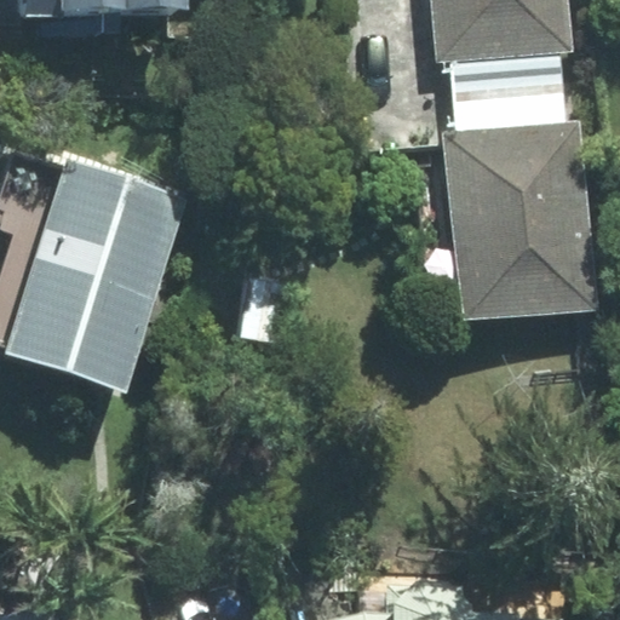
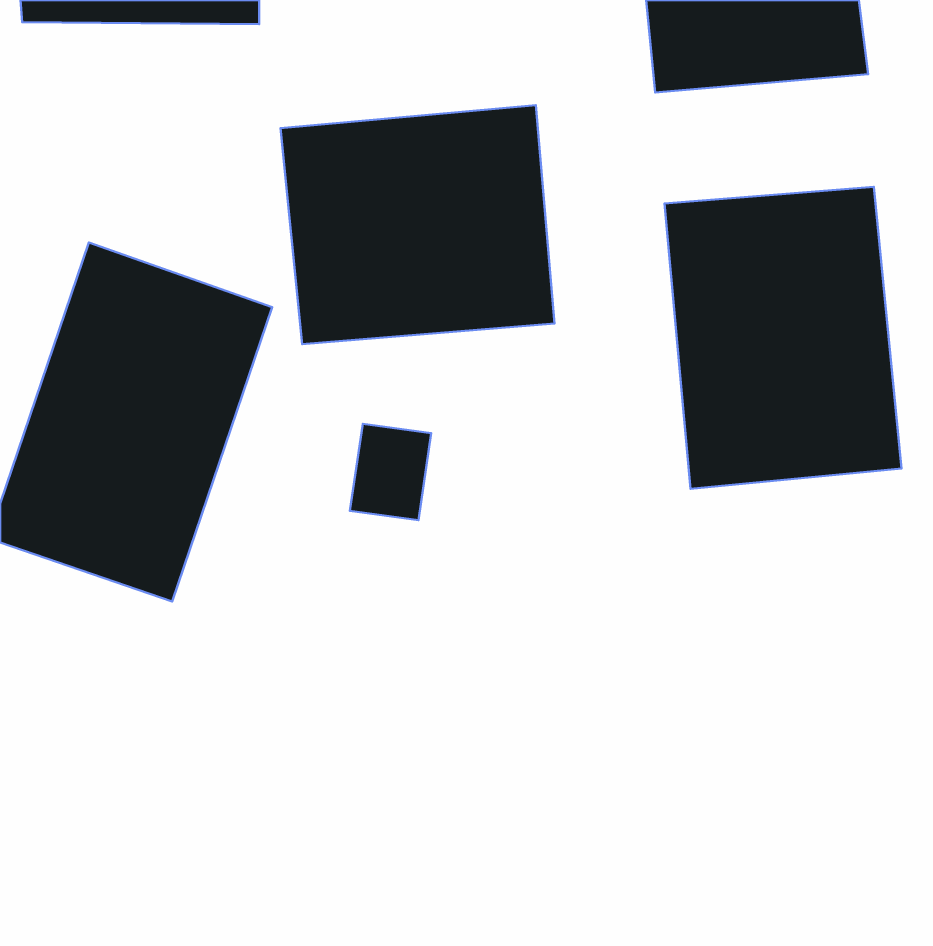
building: none -> [280,105,554,344]

